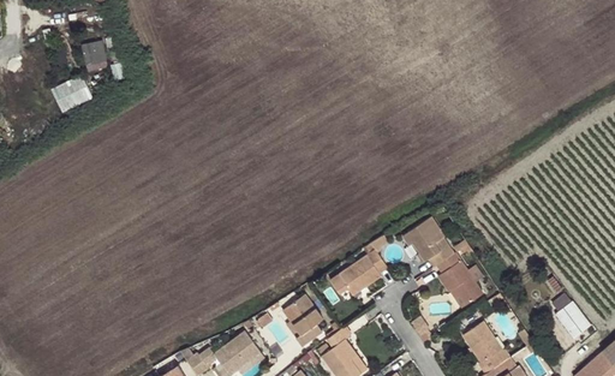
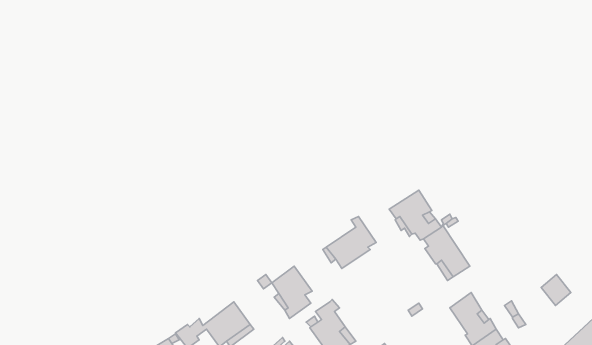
building: [82,40,108,71] -> none
building: [50,73,94,113] -> none

